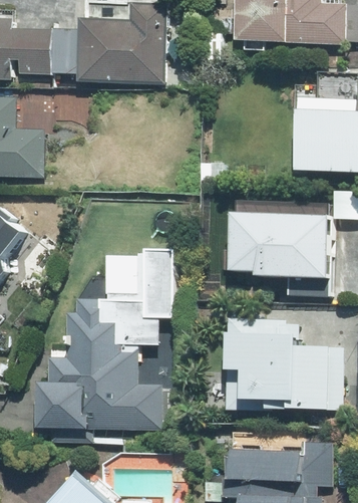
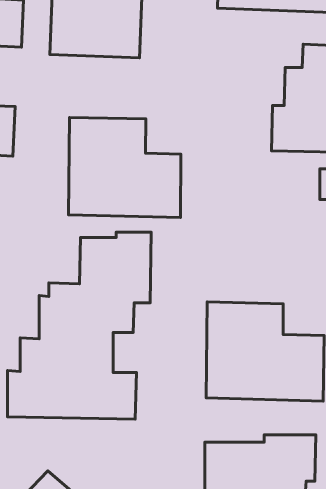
building: none -> [69,117,181,217]
building: [233,214,328,296] -> none

